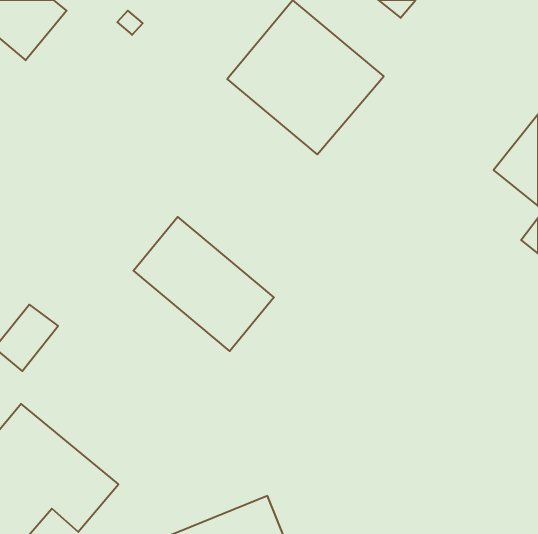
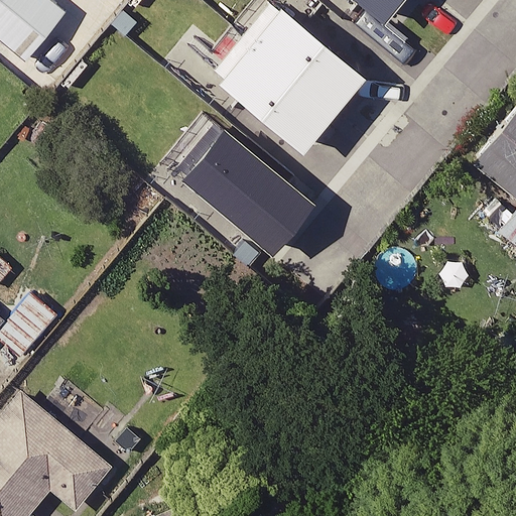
building: [133,217,274,351] -> [180,128,314,256]

